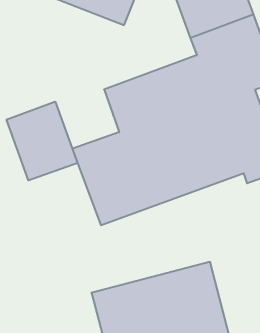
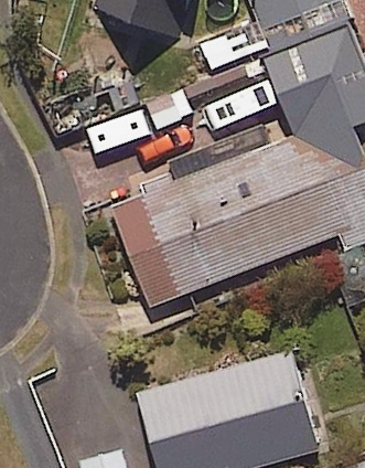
building: [7,102,77,180] -> none

